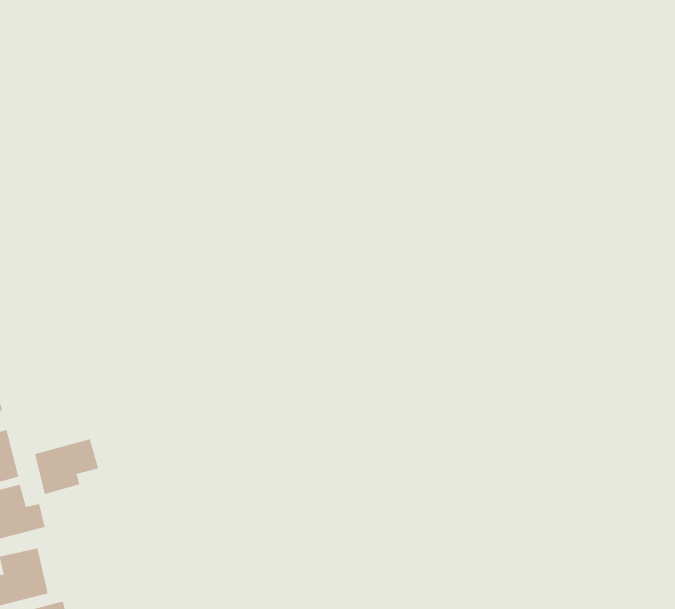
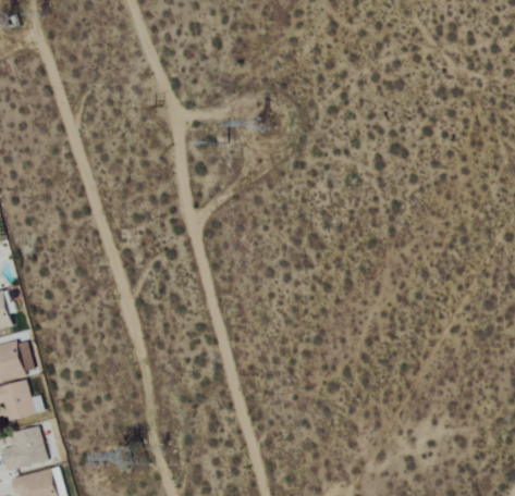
building: [35,438,99,495] -> none

